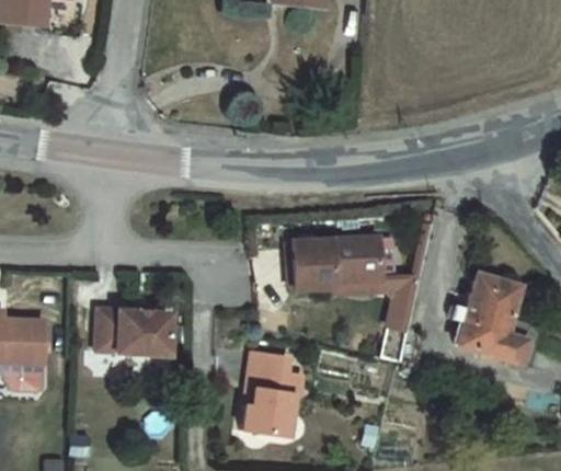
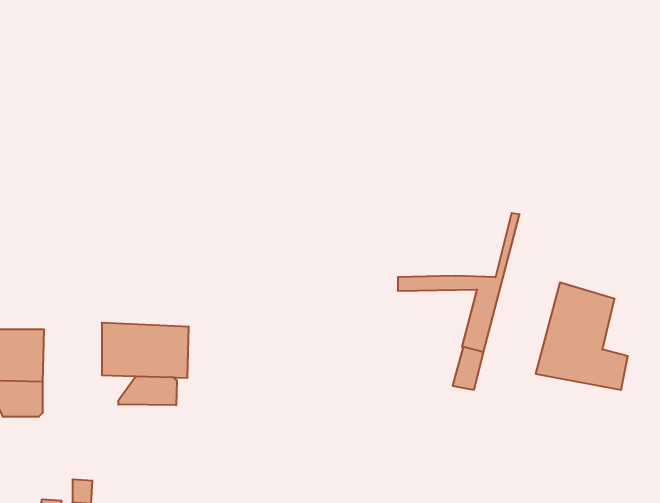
building: [301,232,387,280] -> none
building: [240,349,302,430] -> none
building: none -> [118,376,177,405]

